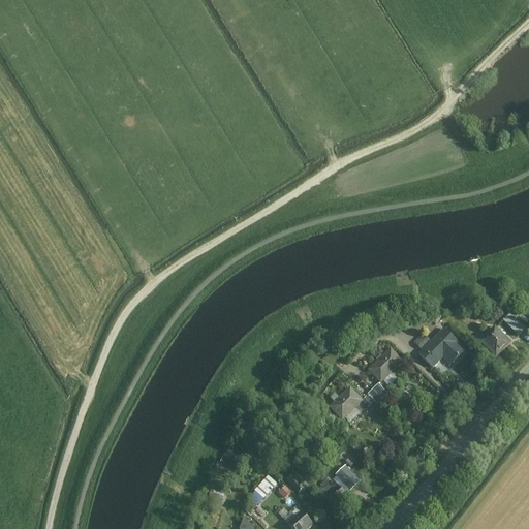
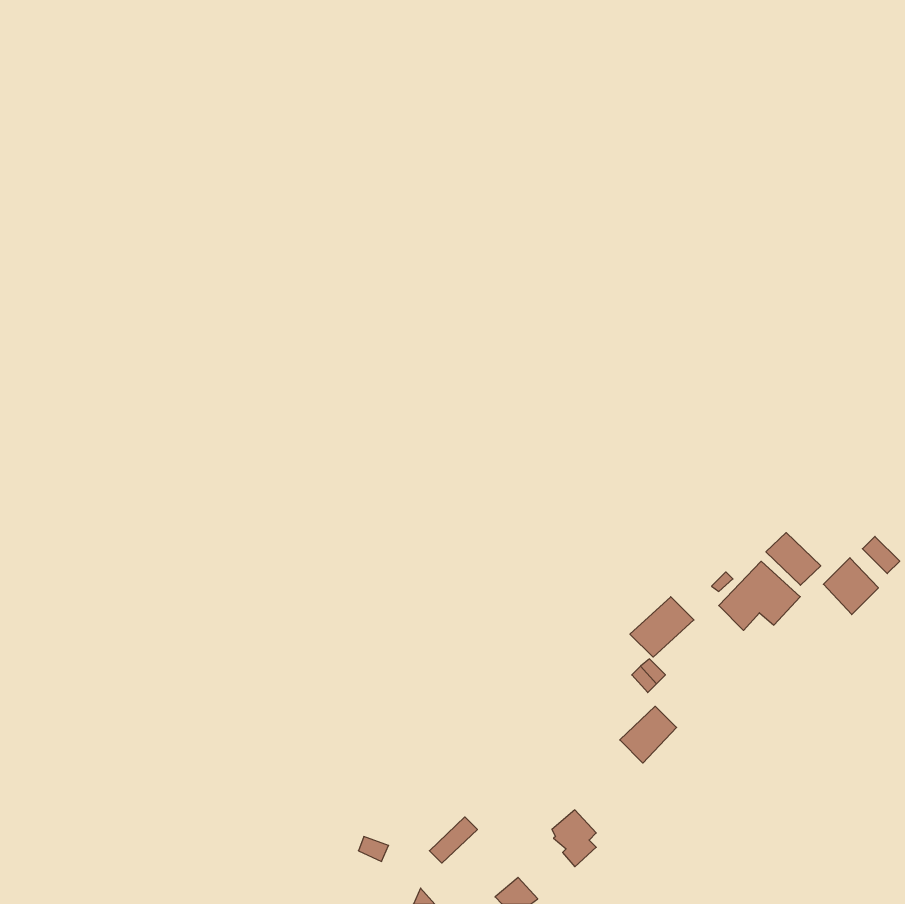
building: none -> [766,533,821,585]
building: [329,386,362,419] -> [620,706,677,763]

